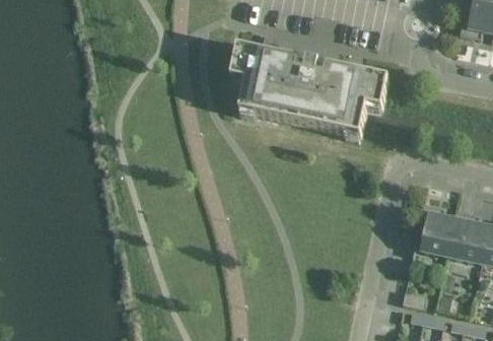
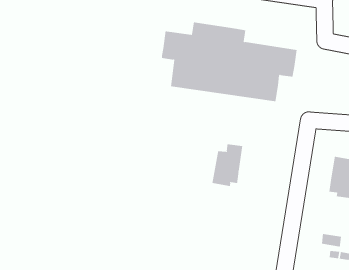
building: none -> [212,143,243,187]

